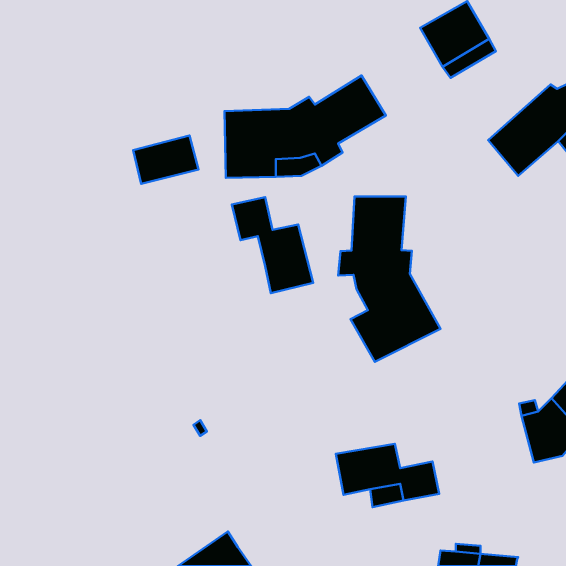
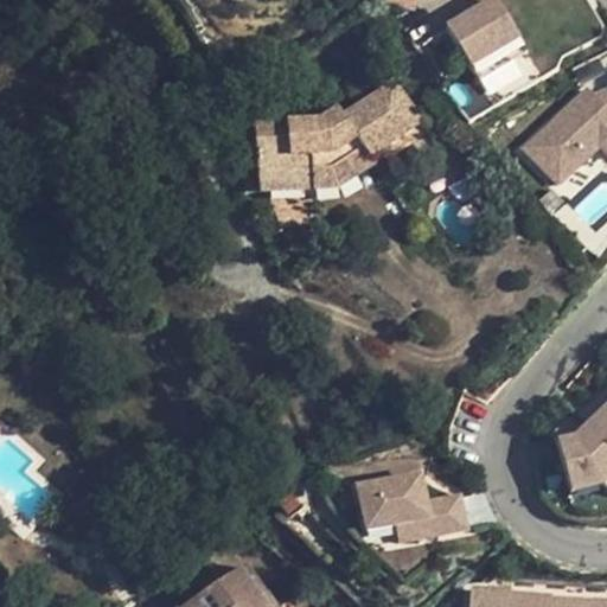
building: [133,135,198,184] -> none
building: [338,196,440,362] -> none
building: [232,197,313,293] -> none

